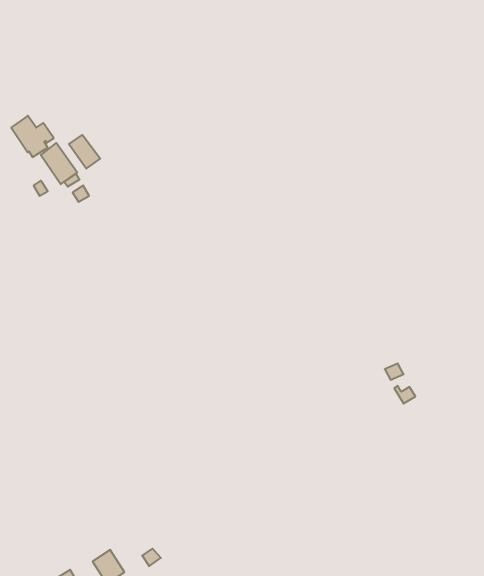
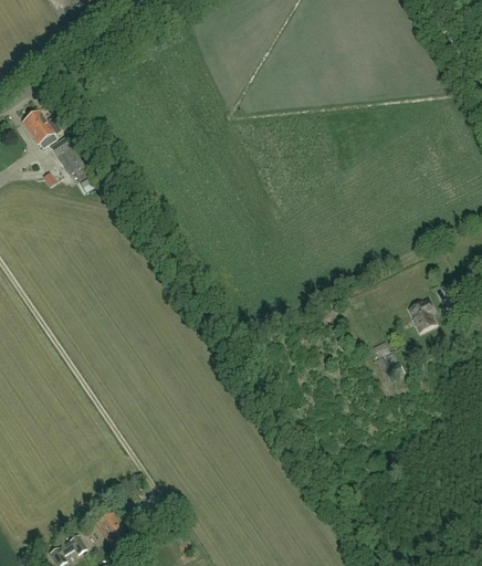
building: [69,135,100,169] -> none
building: none -> [409,300,434,331]

